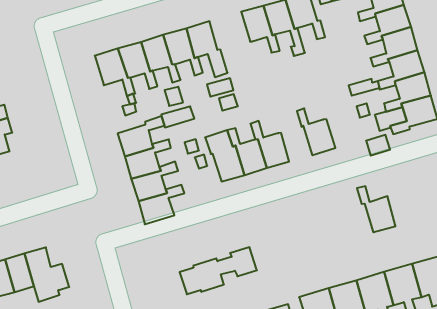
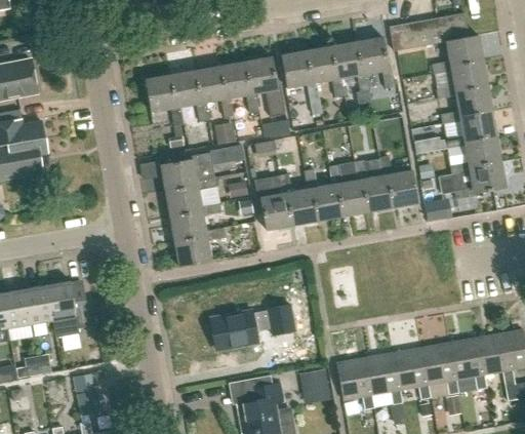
building: none -> [281,50,319,102]
building: none -> [329,165,366,216]
building: [357,186,396,232] -> [379,157,416,207]

